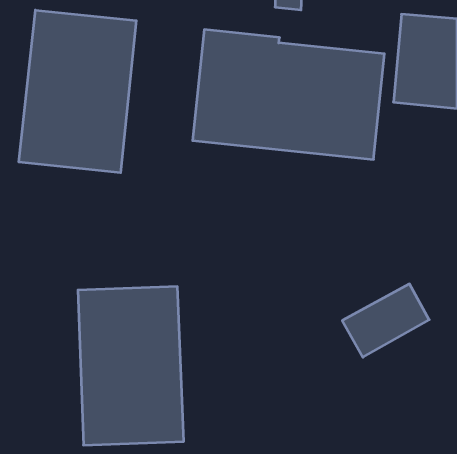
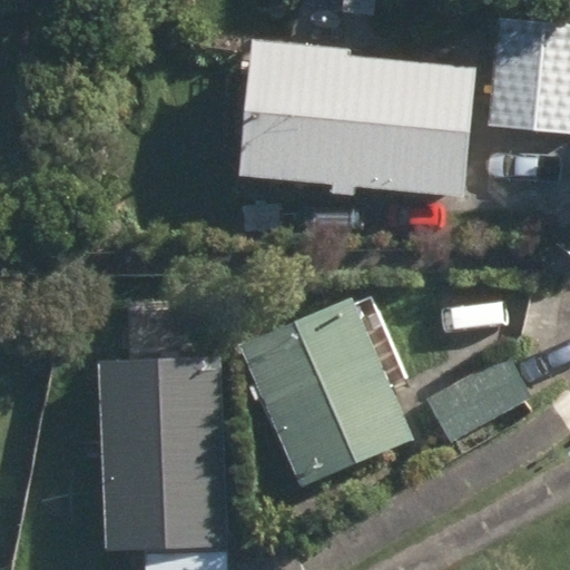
building: [19,10,136,173] -> none
building: none -> [238,294,414,489]

